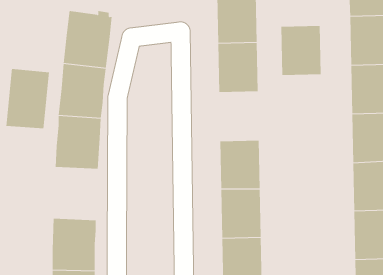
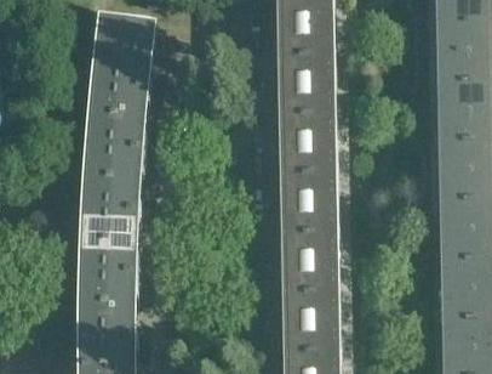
building: [281,26,322,75] -> [282,117,332,177]
building: [6,68,49,129] -> none
building: none -> [81,209,137,273]

